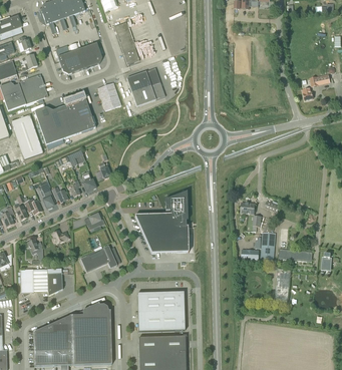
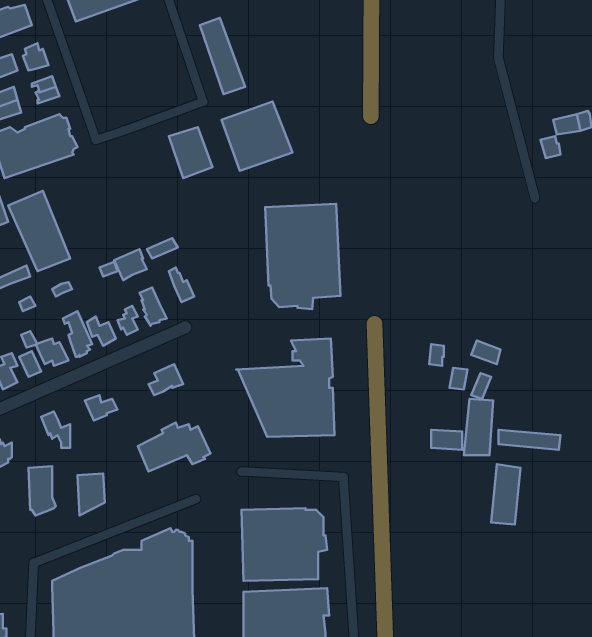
building: [57,43,101,74] -> none
building: [34,92,94,143] -> none
building: none -> [265,204,340,309]

